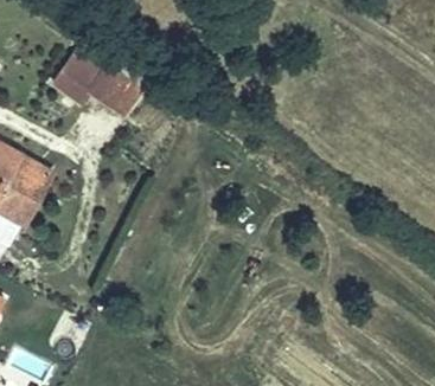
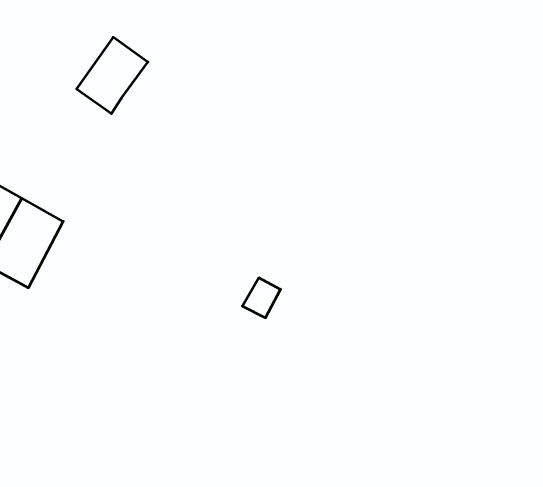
building: [95,66,149,118] -> none

